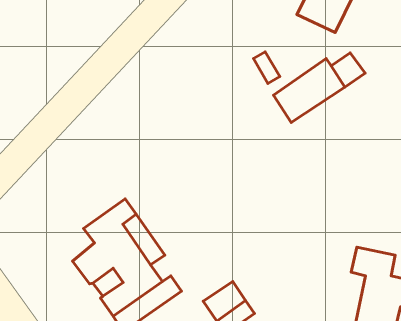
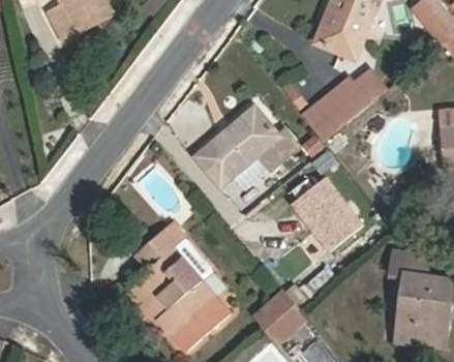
building: none -> [195,107,295,185]
building: none -> [289,173,361,246]

